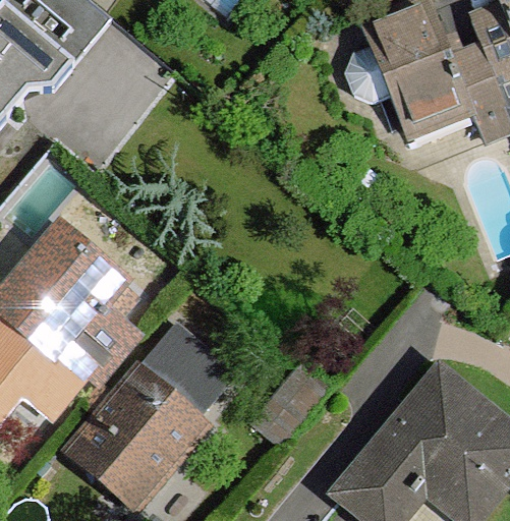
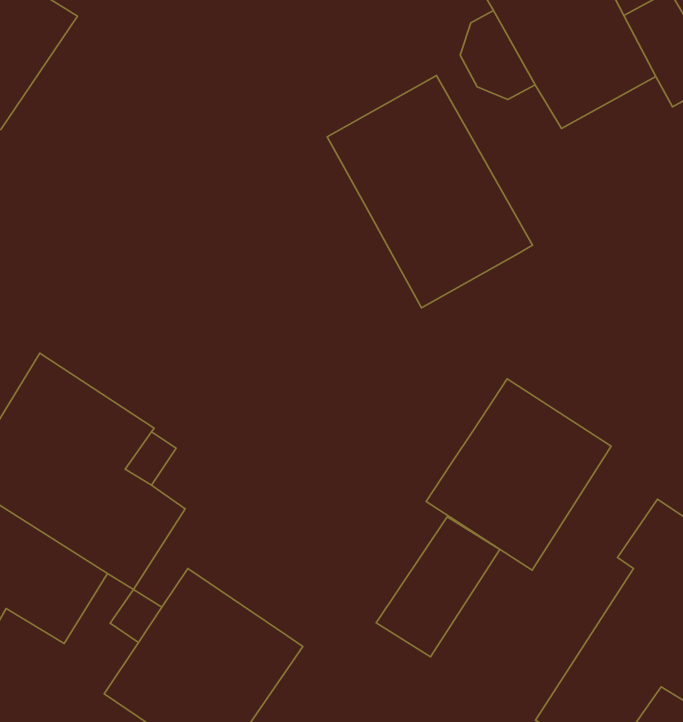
building: none -> [327,75,533,308]
building: none -> [426,379,611,570]
building: [135,324,234,422] -> none

